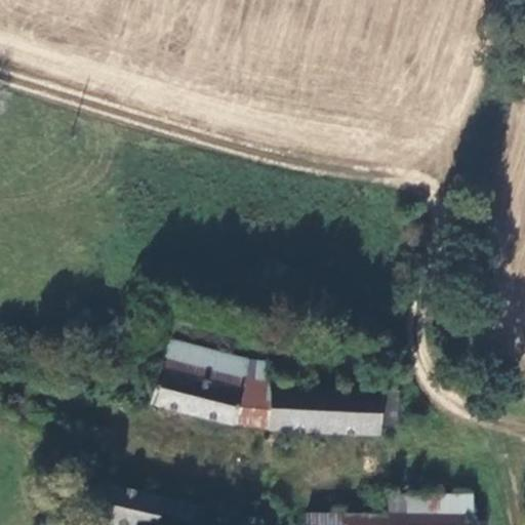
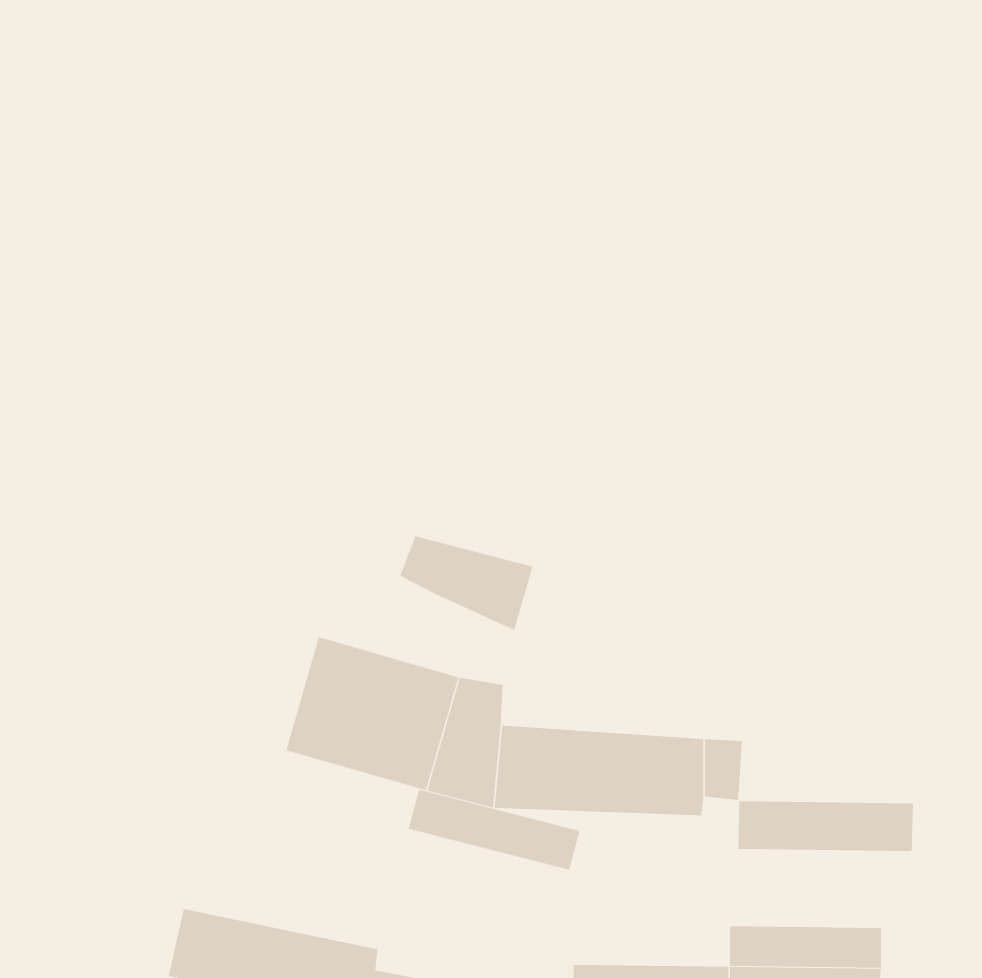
building: none -> [400,536,533,631]
building: none -> [408,789,580,871]
building: none -> [738,801,913,852]

